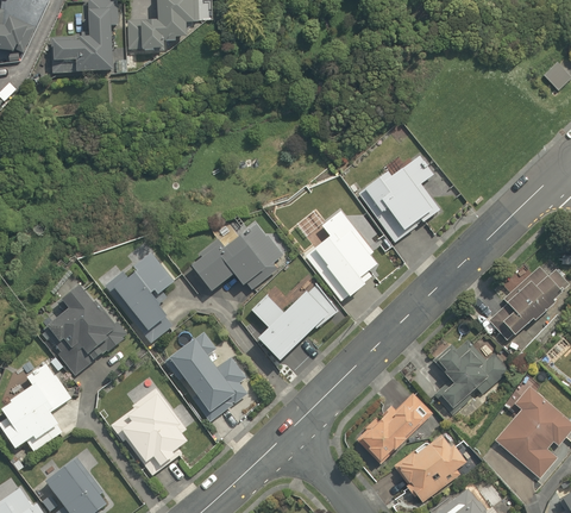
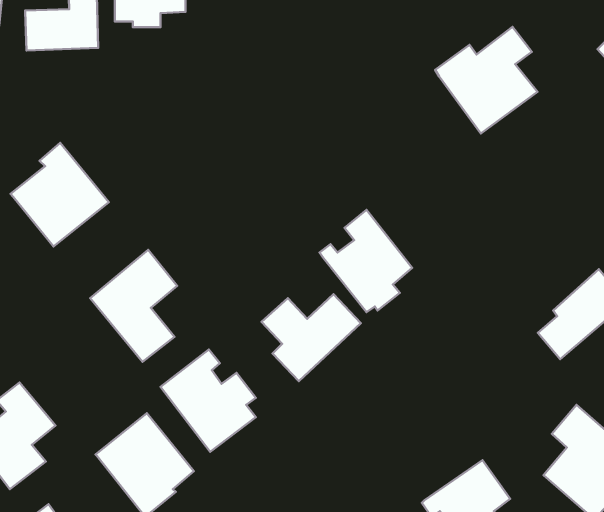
building: [354,151,443,243] -> [435,27,537,133]
building: [190,225,287,292] -> none
building: [40,286,125,375] -> [11,143,109,246]
building: [433,338,509,414] -> none
building: [354,390,432,462] -> none

